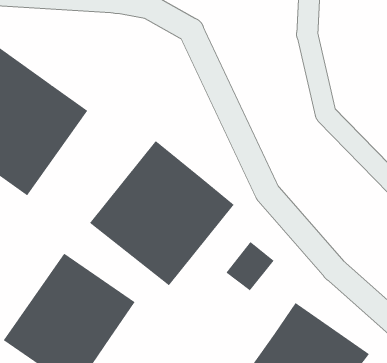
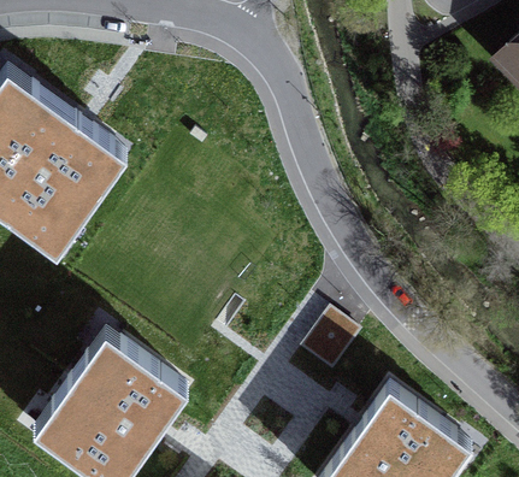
building: [89,140,235,286] -> none

